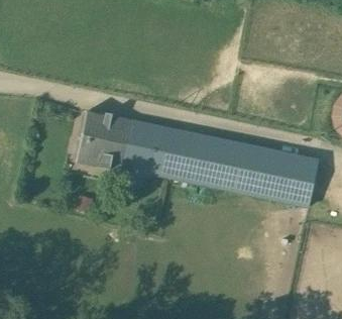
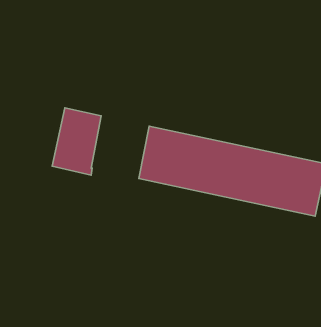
building: [111,118,162,179] -> none

